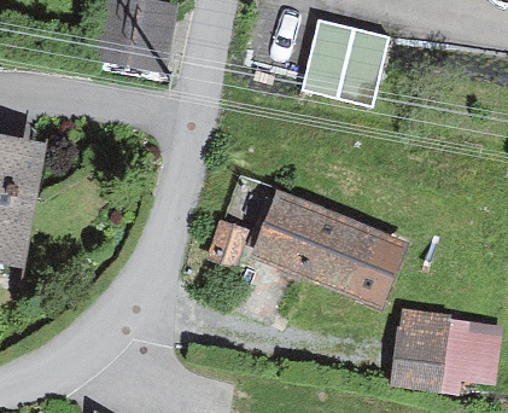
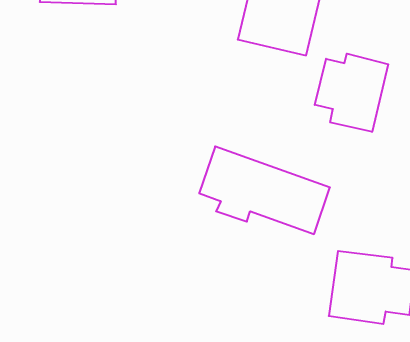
building: none -> [315,54,388,132]

